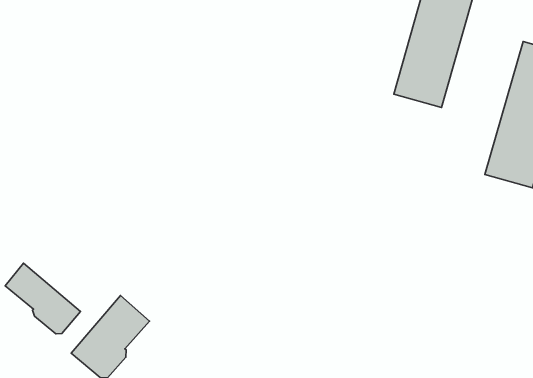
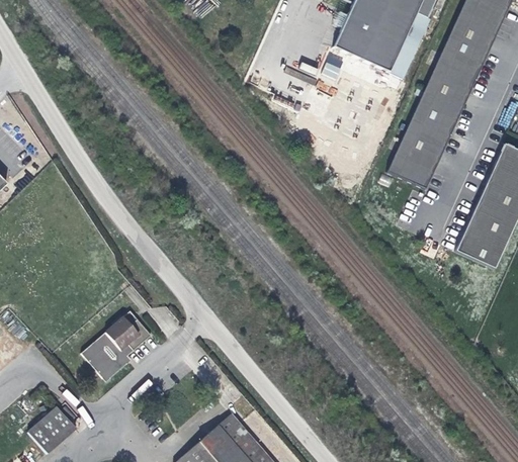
building: [5,263,81,334] -> none

